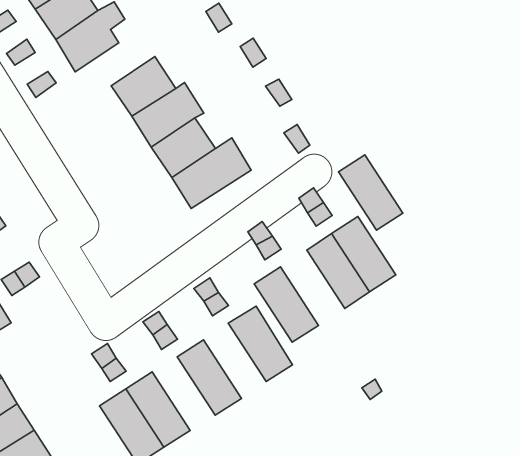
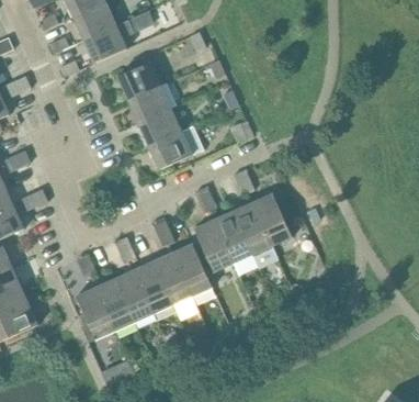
building: [339,155,403,230] -> [213,210,252,263]
building: none -> [152,252,191,304]
building: none -> [114,269,152,321]

